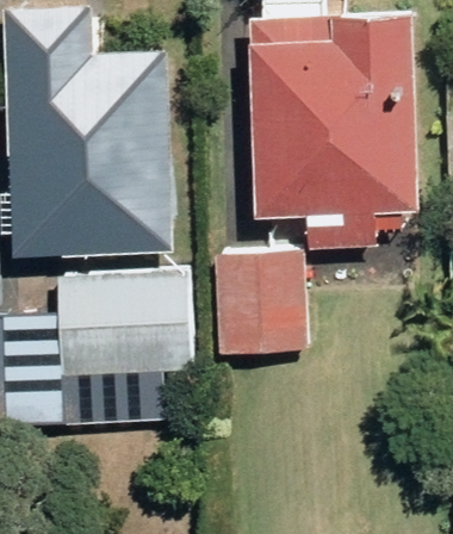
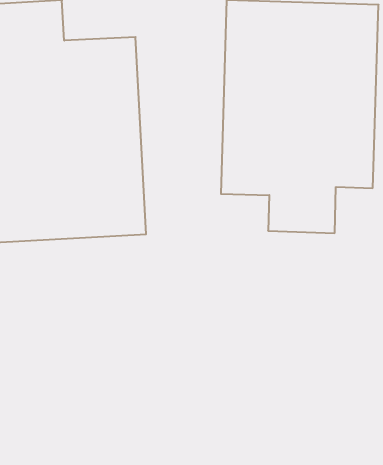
building: [216,252,299,355] -> none
building: [50,275,188,380] -> none

